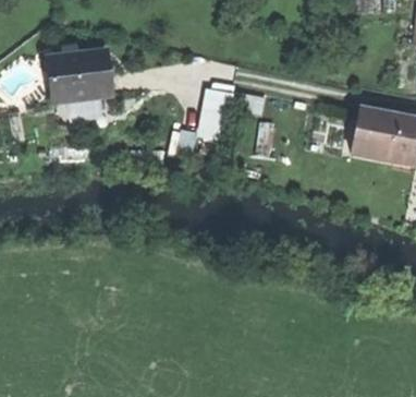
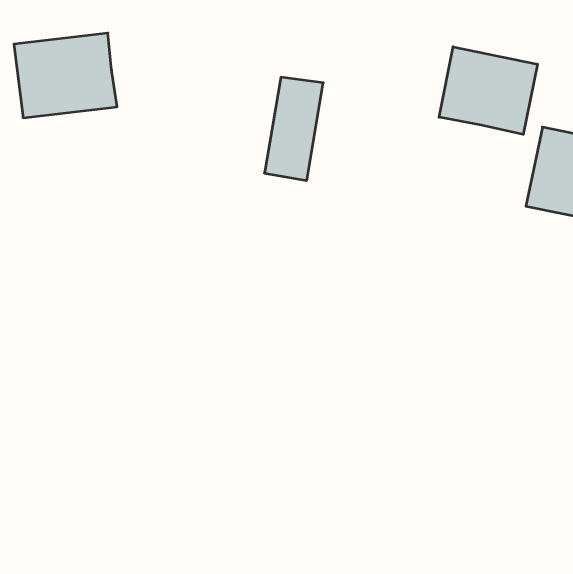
building: none -> [439,47,537,134]

